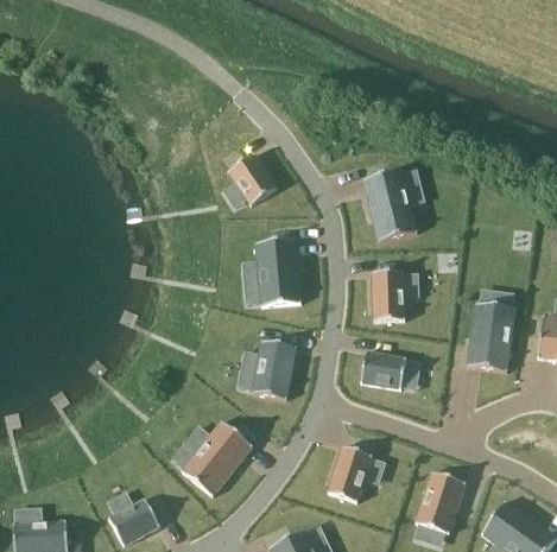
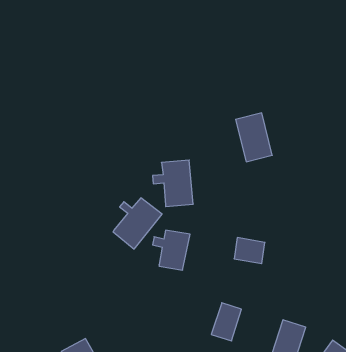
building: [228,152,277,204] -> none
building: [373,271,405,321] -> none
building: [468,302,515,370] -> none
building: [182,420,253,495] -> [113,198,162,249]

